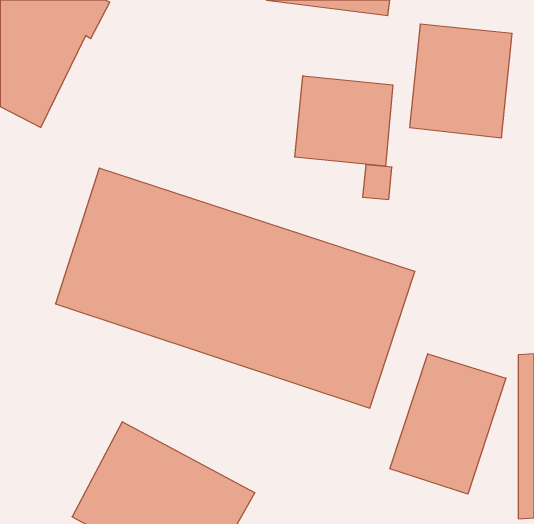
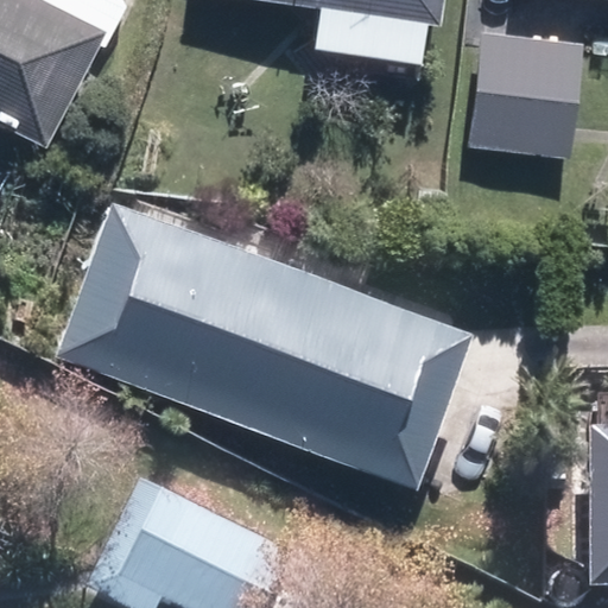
building: [295,76,393,166] -> none
building: [390,354,506,494] -> none

